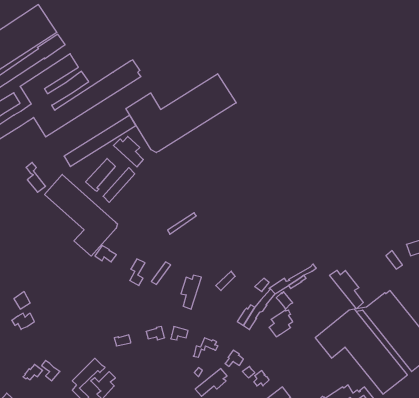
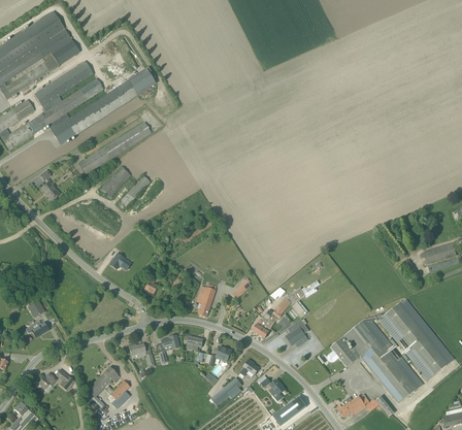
building: [126,74,236,153] -> none
building: [113,136,143,167] -> none
building: [45,174,117,256] -> none
building: [330,270,363,309] -> none

